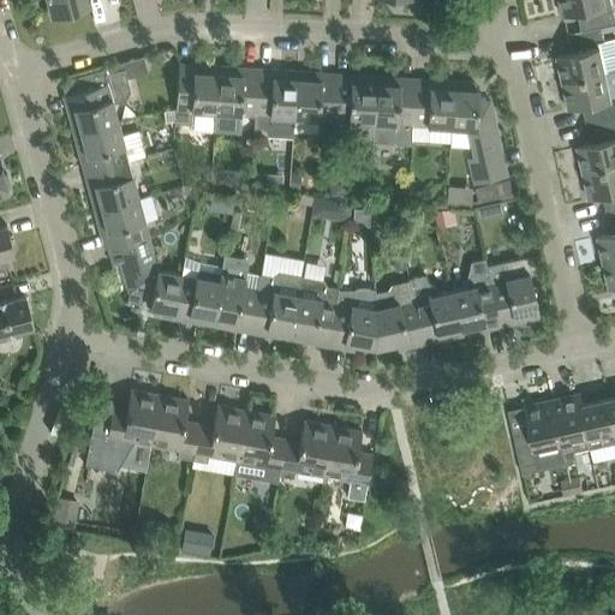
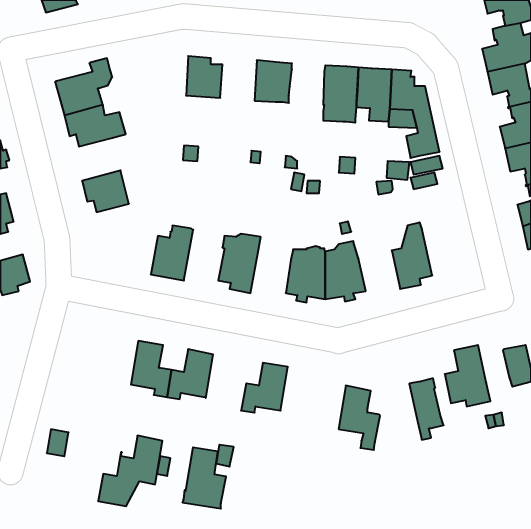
building: [175,66,217,133] -> none
building: [255,71,297,138] -> none
building: [334,76,376,148] -> none
building: [88,162,139,211] -> none
building: [106,238,183,320] -> none
building: [213,256,259,329] -> none
building: [488,256,542,324] -> none
building: [289,276,339,345] -> none
building: [408,276,462,342] -> none
building: [85,390,160,472] -> [98,436,162,506]
building: [553,395,592,466] -> [409,378,444,440]
building: [234,412,285,483] -> [182,447,226,509]
building: [324,426,372,501] -> [339,386,380,450]

